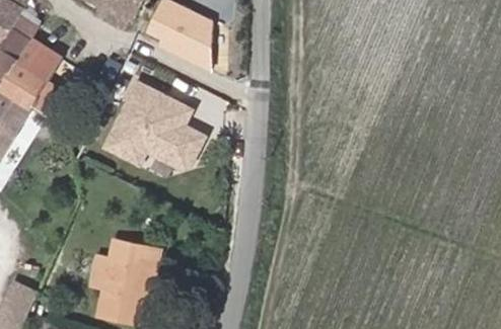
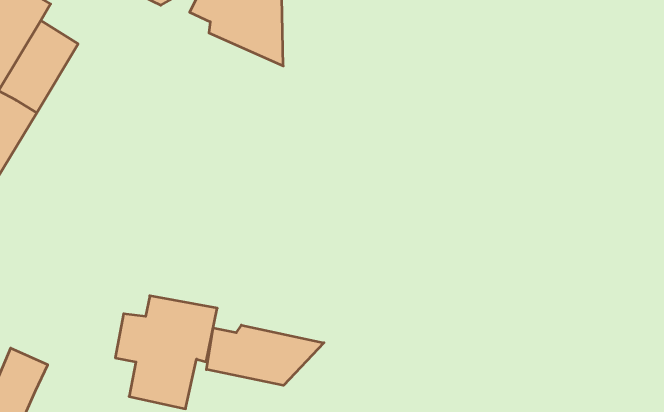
building: [99,78,208,175] -> none
building: none -> [206,325,324,385]

